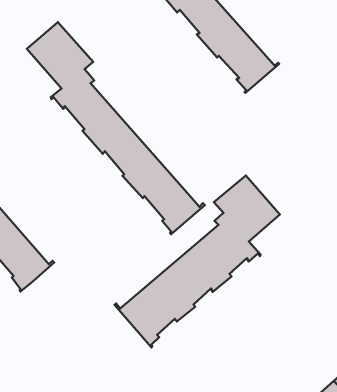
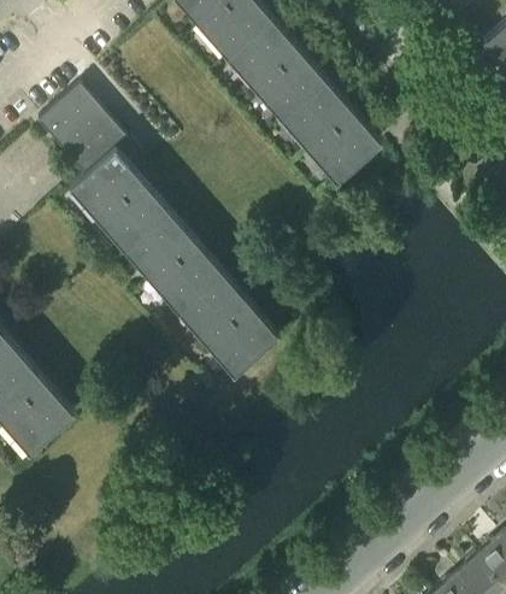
building: [114,175,280,347] -> none

